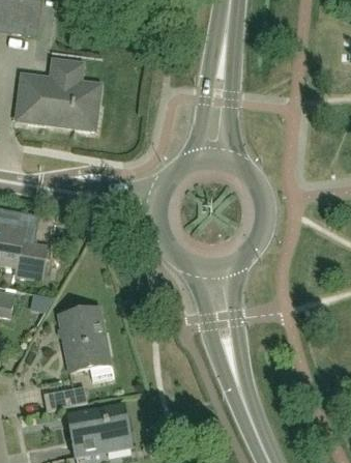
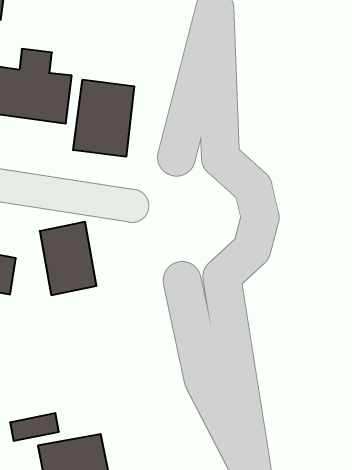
building: none -> [73,80,134,157]
building: [59,308,110,373] -> [40,222,97,295]

